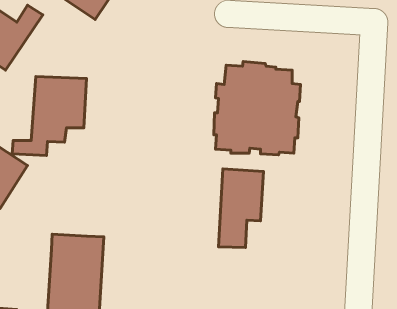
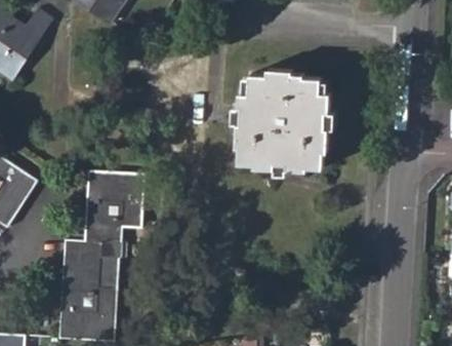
building: [12,76,87,156] -> [64,171,143,257]
building: [219,169,263,248] -> none

